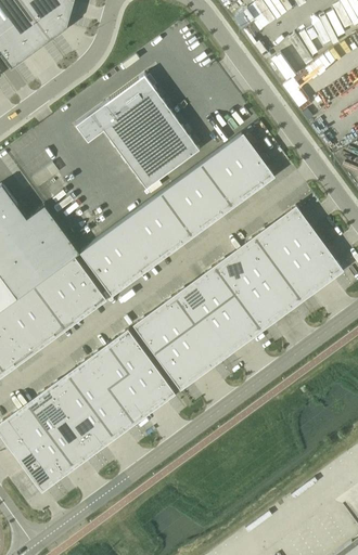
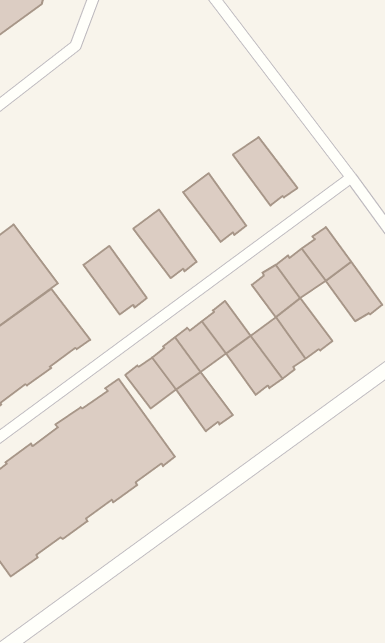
building: [76,76,200,190] -> none
building: [202,150,252,207] -> none
building: [162,180,212,236] -> none
building: [122,209,171,266] -> none
building: [80,238,130,296] -> none
building: [276,251,320,300] -> none
building: [215,255,256,296] -> none
building: [195,310,240,360] -> none
building: [155,339,200,389] -> none

